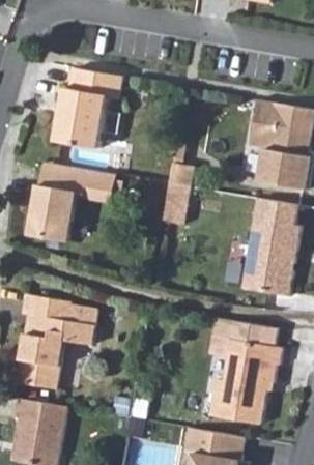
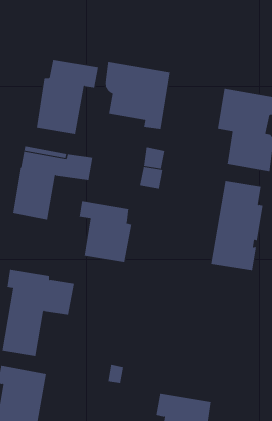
building: none -> [105,61,170,130]
building: none -> [79,201,132,263]
building: [207,315,280,424] -> none

